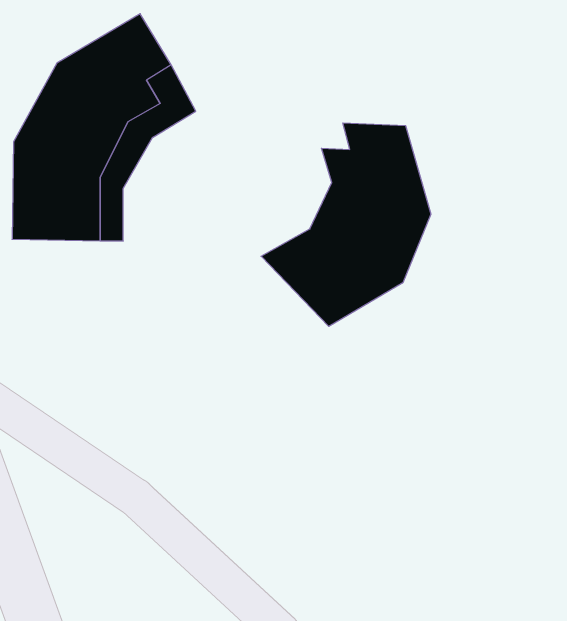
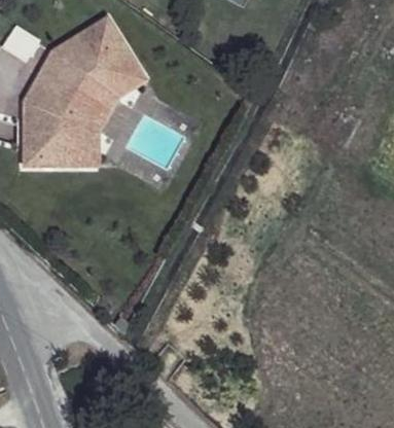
building: [261,123,431,326] -> none

